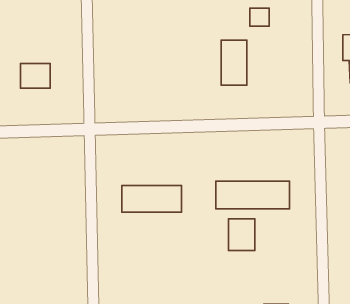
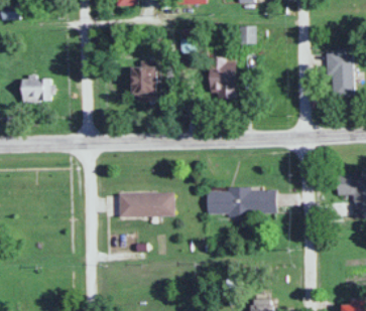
building: none -> [132,67,155,93]
building: [228,219,255,251] -> none

